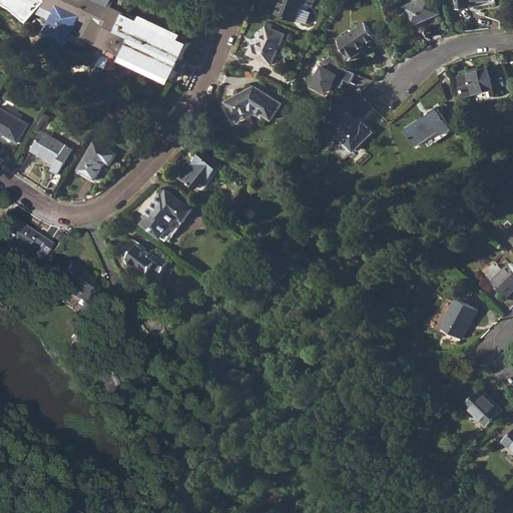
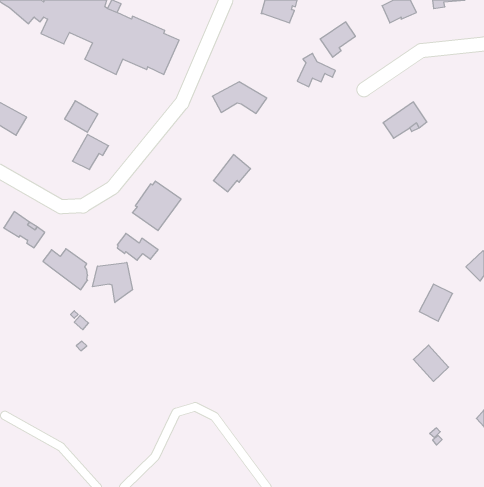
building: [245,25,283,64] -> none
building: [457,67,491,96] -> none
building: [329,112,371,150] -> none
building: [30,130,65,163] -> [65,101,98,132]
building: [179,149,218,188] -> [213,155,251,192]
building: none -> [92,262,132,303]
building: [463,388,500,426] -> [413,345,449,381]

